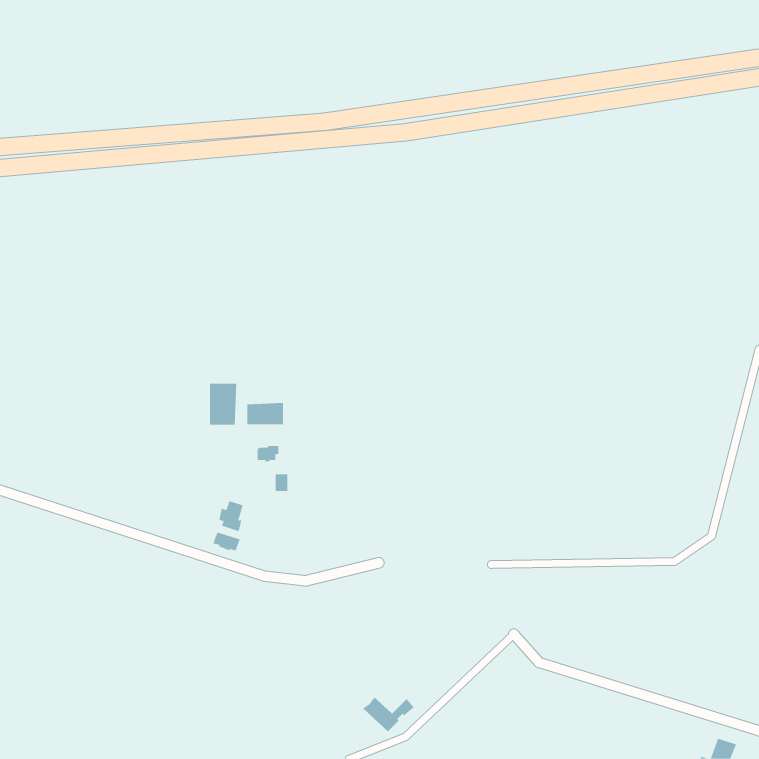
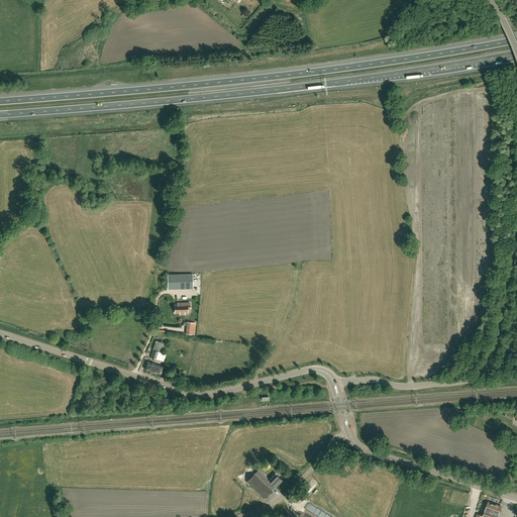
building: [209,383,237,426] -> none

